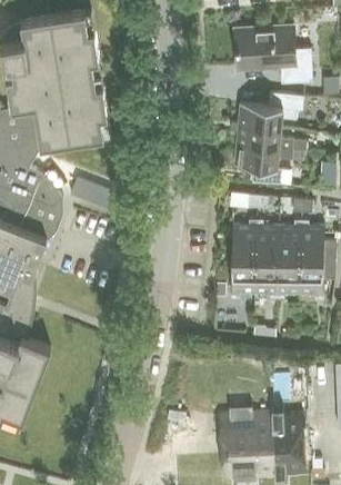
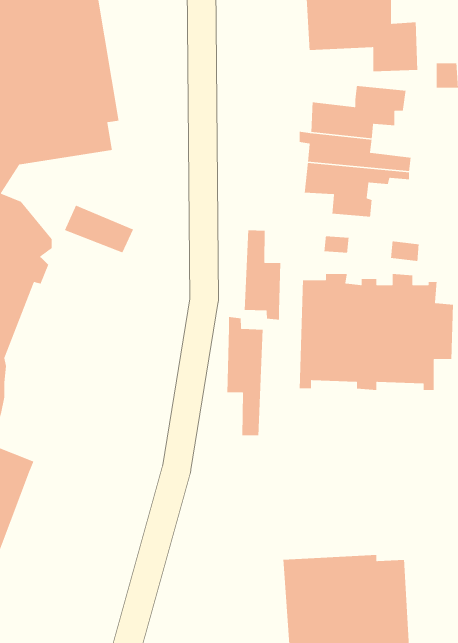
building: none -> [244,230,281,320]
building: none -> [226,316,263,436]

